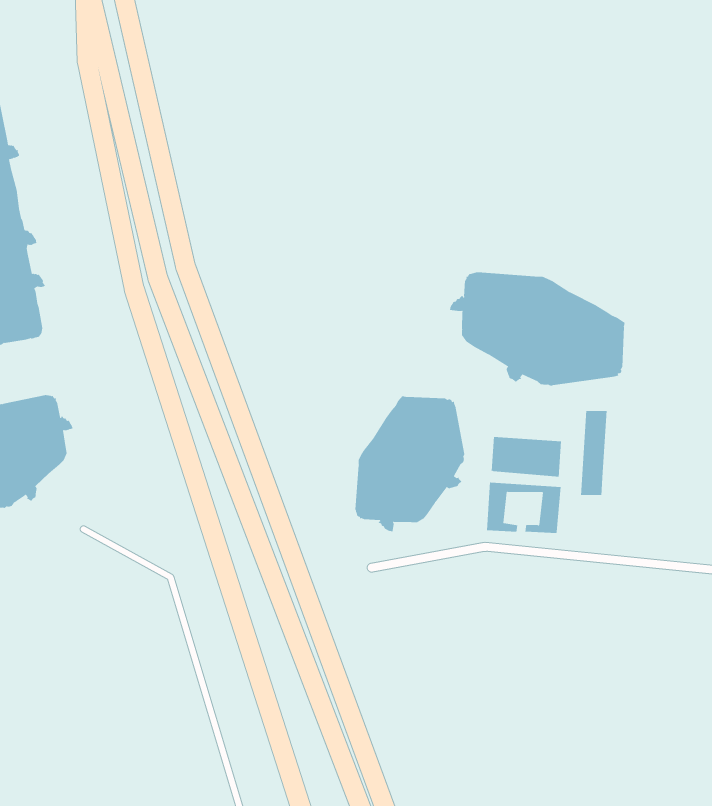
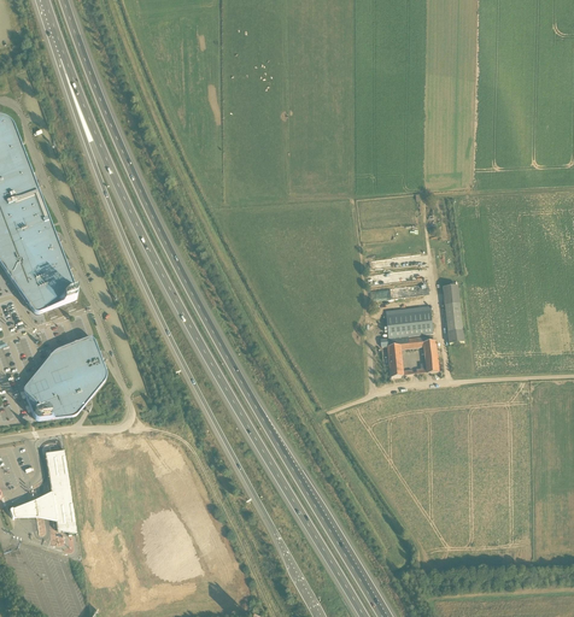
building: [449,271,625,386] -> none
building: [355,396,465,532] -> none

